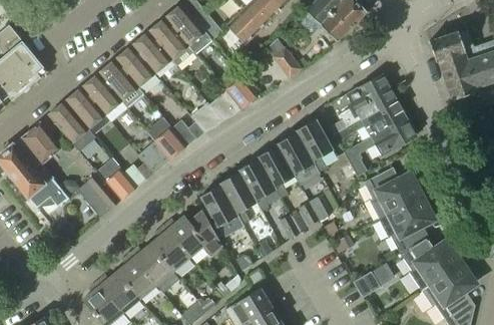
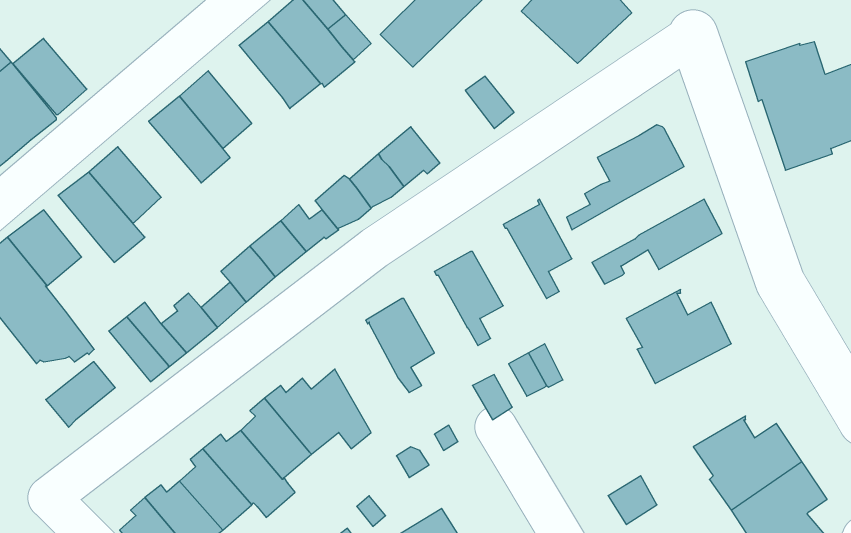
building: [131,31,172,74] -> none
building: [81,73,122,115] -> [13,38,87,114]
building: [333,98,406,141] -> none
building: [276,132,320,185] -> none
building: [237,158,276,211] -> none
building: [199,185,243,238] -> none
building: [379,197,433,254] -> none
building: none -> [46,362,115,427]

